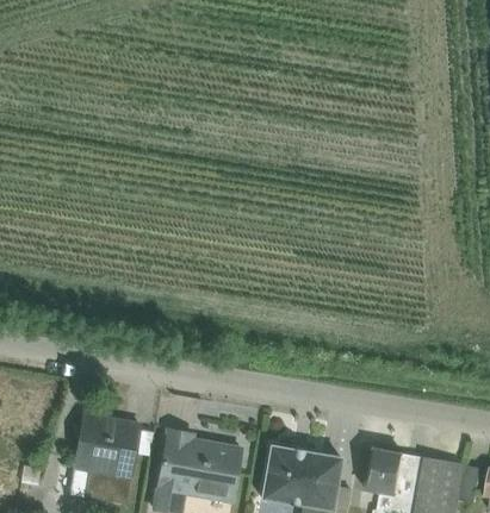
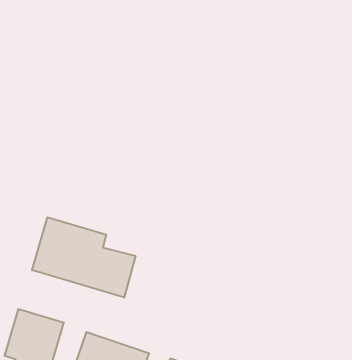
building: none -> [32,217,136,298]

